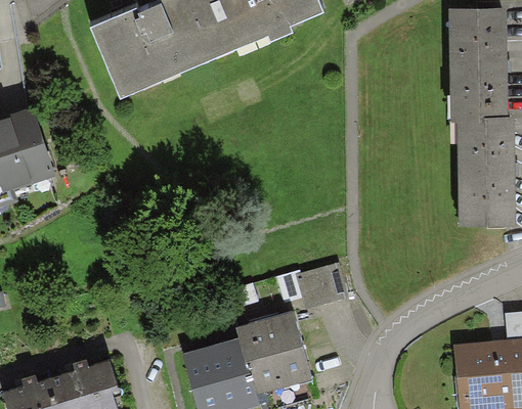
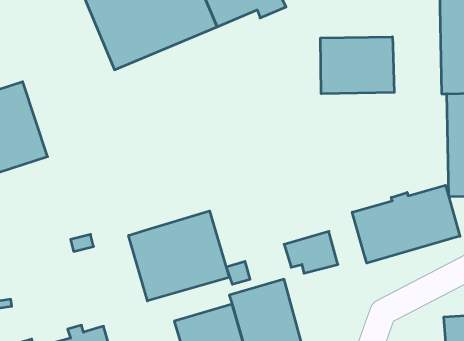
building: none -> [321,37,394,94]
building: none -> [352,185,460,263]
building: none -> [129,211,229,301]

